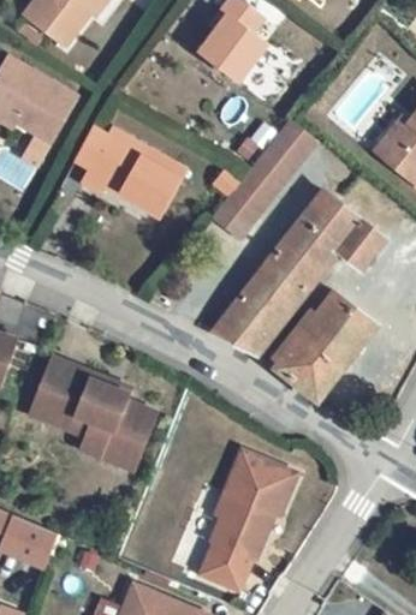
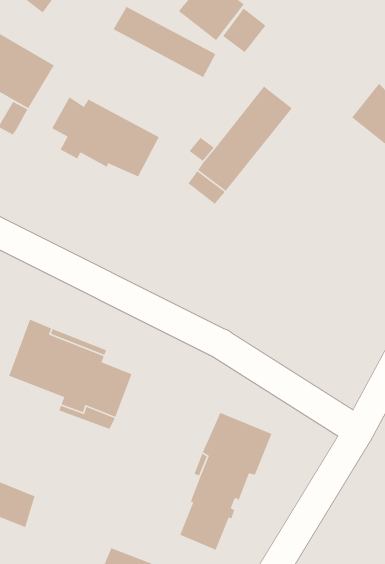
building: none -> [113,6,216,78]
building: [212,191,385,356] -> none
building: [273,292,376,402] -> none

